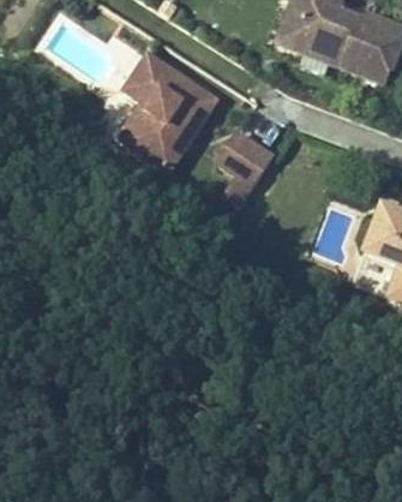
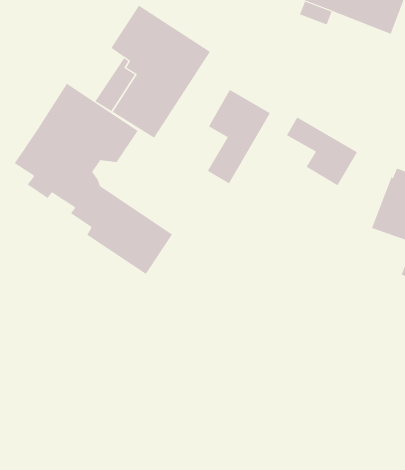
building: none -> [14,83,173,275]
building: none -> [286,116,358,186]

